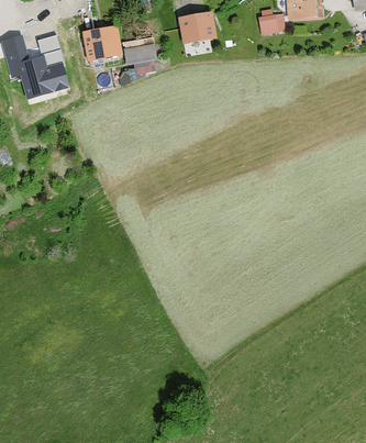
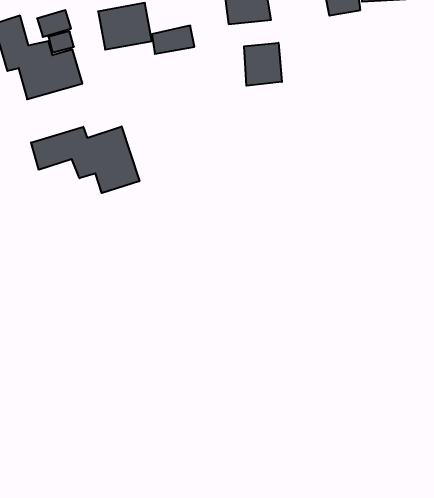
building: none -> [244,43,282,86]
building: none -> [31,126,139,193]

